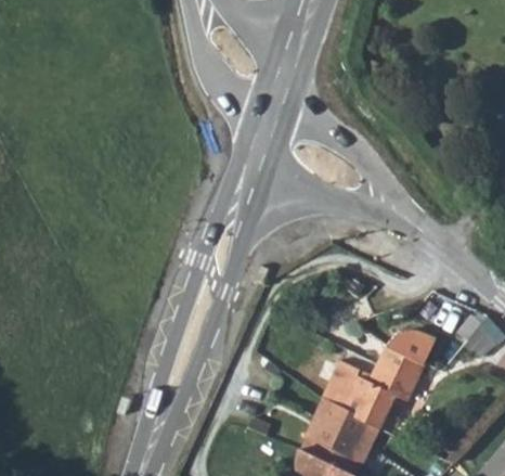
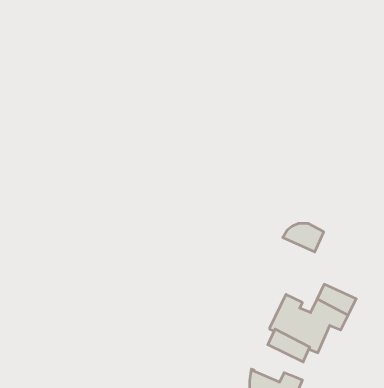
building: [387,331,436,364] -> [283,224,324,252]
building: [302,419,362,463] -> none

